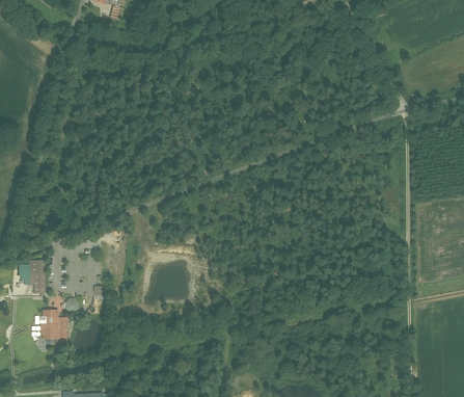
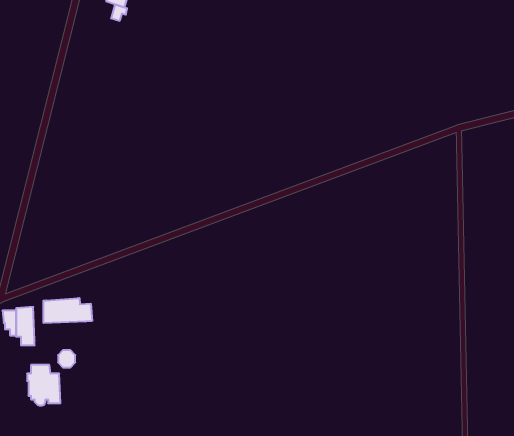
building: none -> [43,298,92,323]

